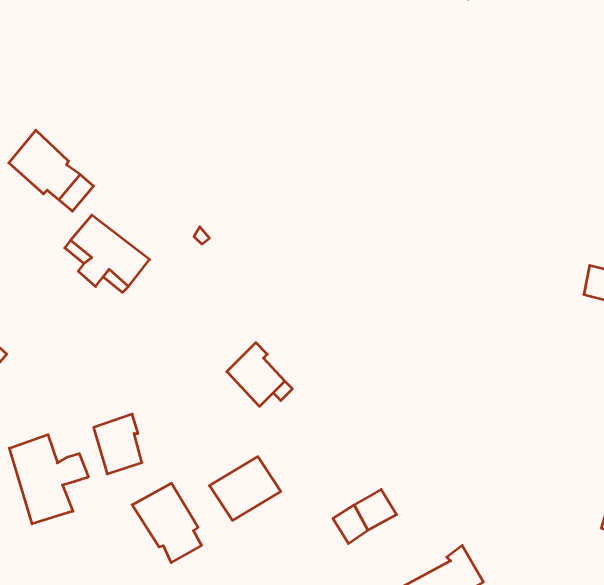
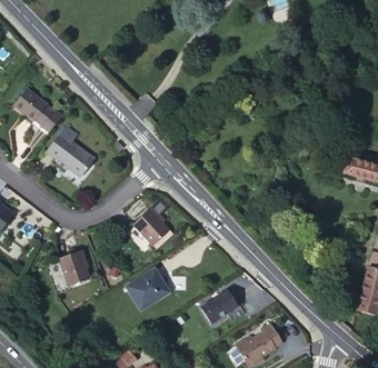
building: [9,435,88,524] -> none
building: [132,483,202,563] -> none

